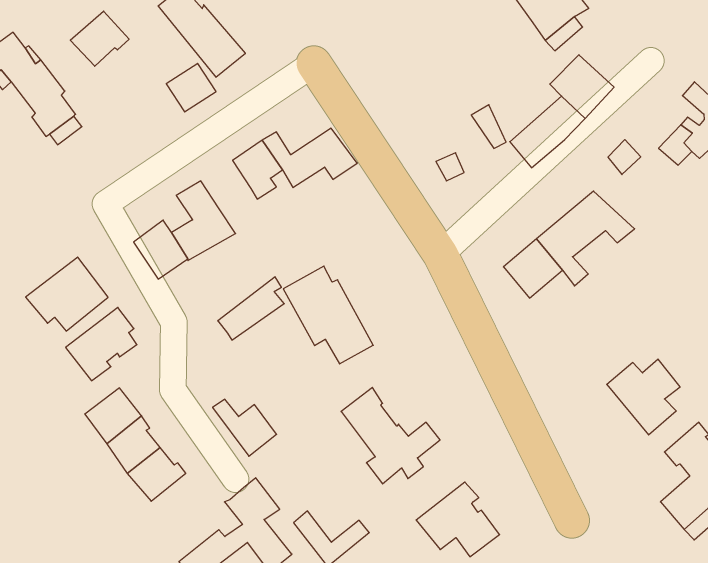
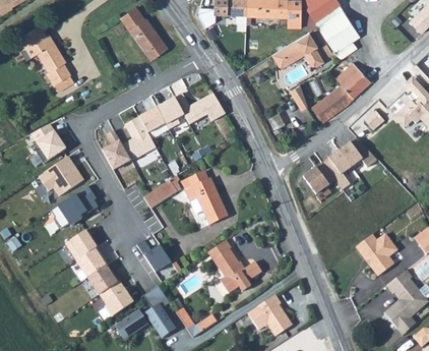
building: none -> [274,34,326,70]
building: [70,11,129,66] -> none
building: [166,63,216,112] -> [138,108,166,134]
building: none -> [30,125,66,164]
building: none -> [99,280,133,316]

